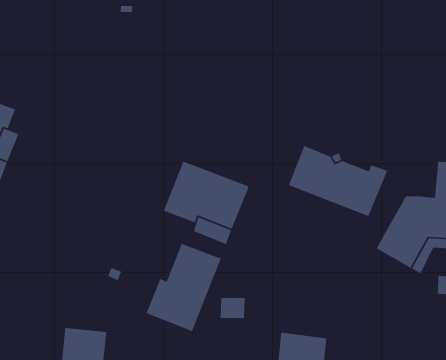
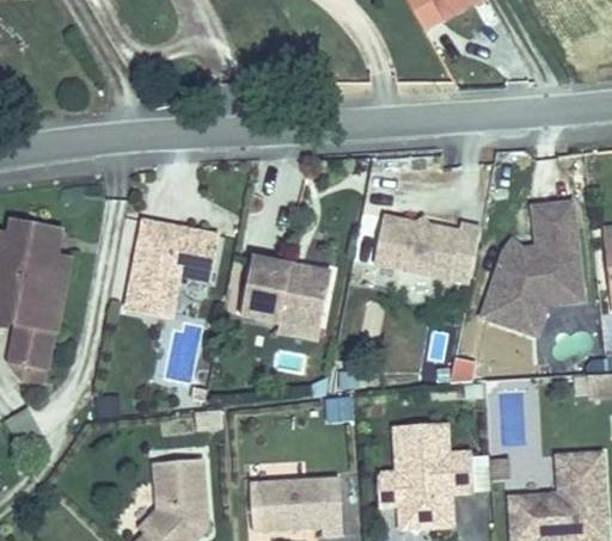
building: none -> [126,219,219,316]
building: [145,243,222,332] -> none

